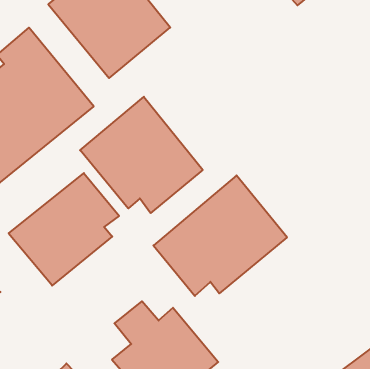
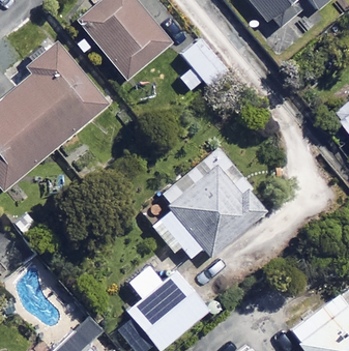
building: [80,97,203,213] -> none
building: [9,173,119,286] -> none

